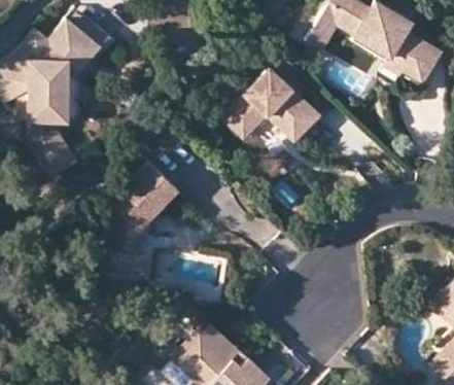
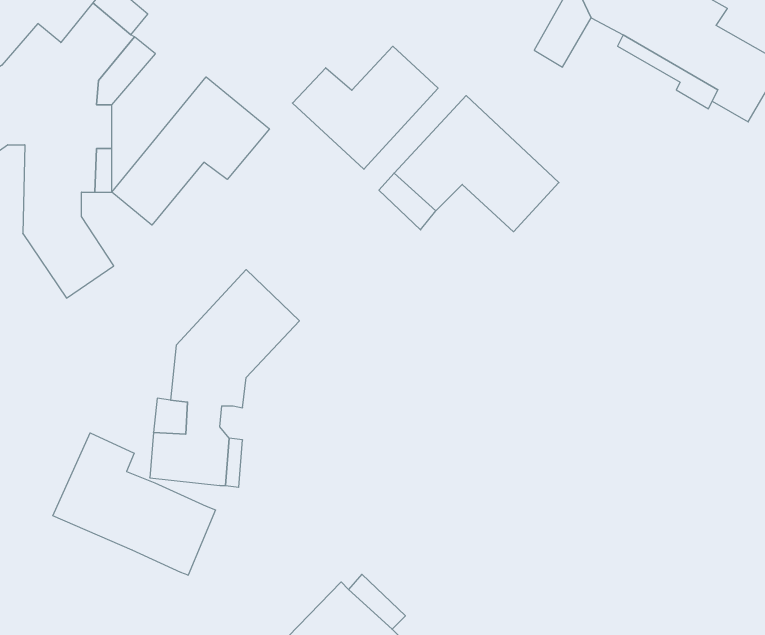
building: none -> [292,46,438,169]
building: none -> [112,77,269,225]
building: none -> [53,433,215,575]

